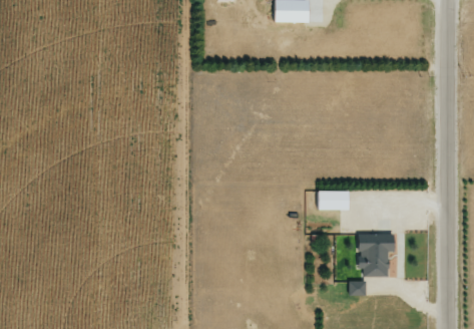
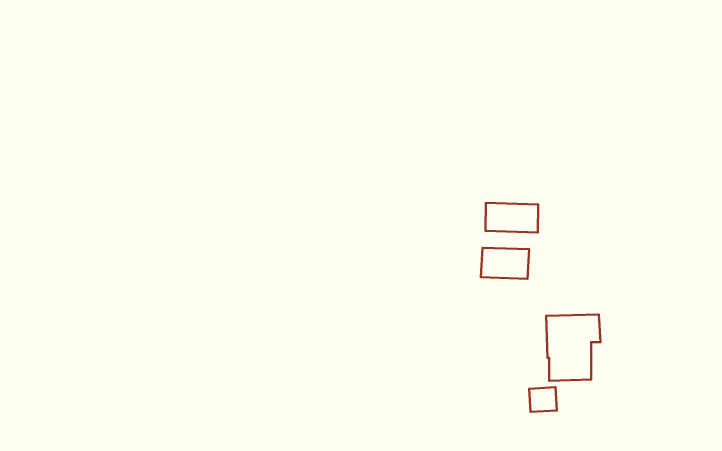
building: none -> [485,203,538,233]

